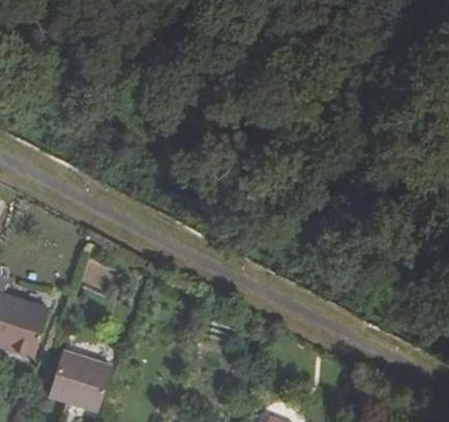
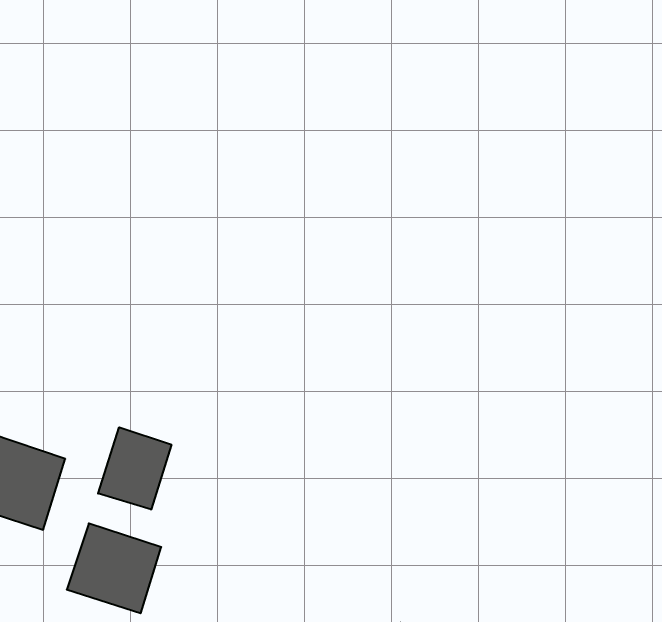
building: none -> [98,427,171,510]

